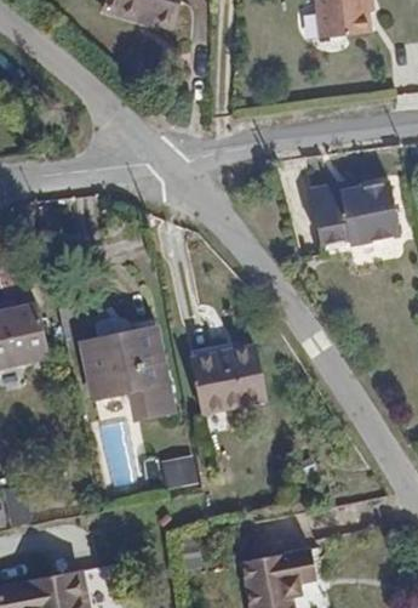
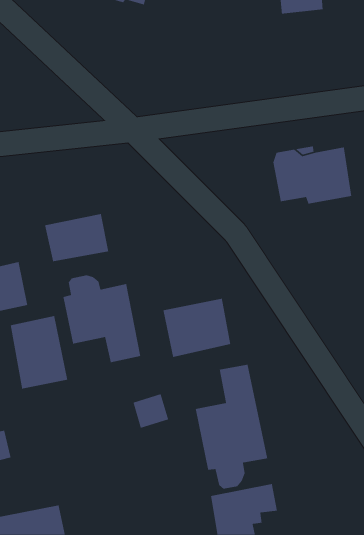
building: none -> [44,213,109,262]
building: none -> [10,315,68,389]
building: none -> [195,364,268,490]

